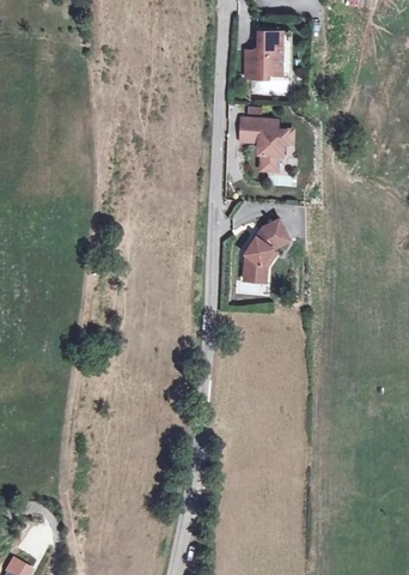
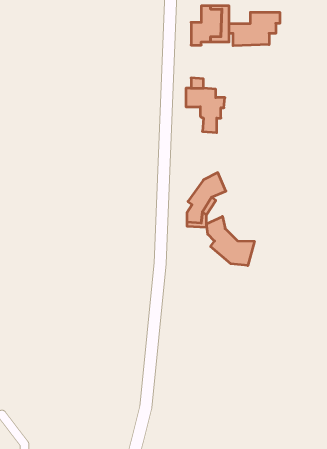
building: none -> [229,12,280,46]
building: none -> [206,216,254,266]

